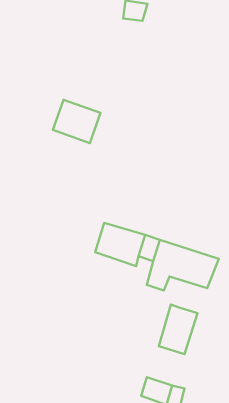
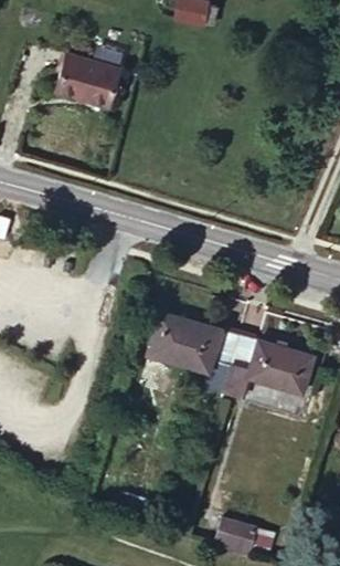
building: [53,100,100,143] -> [55,55,119,114]
building: [159,304,198,354] -> none

